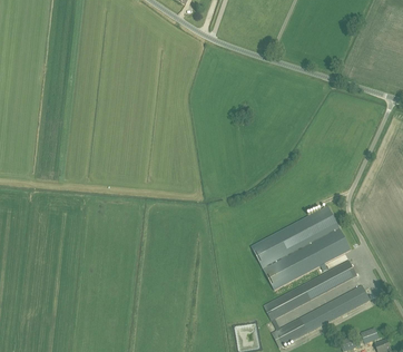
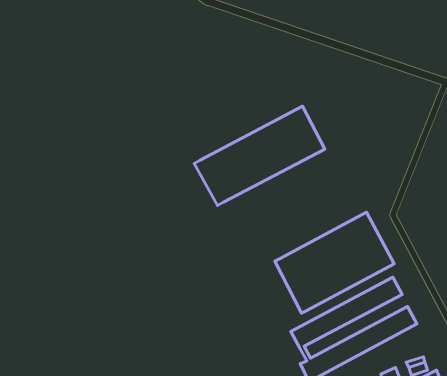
building: none -> [194,106,325,206]

